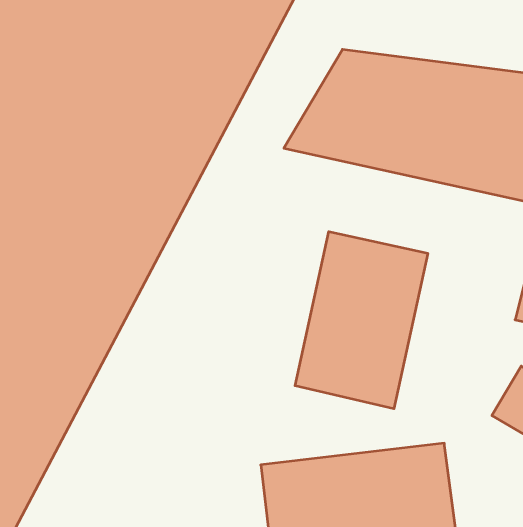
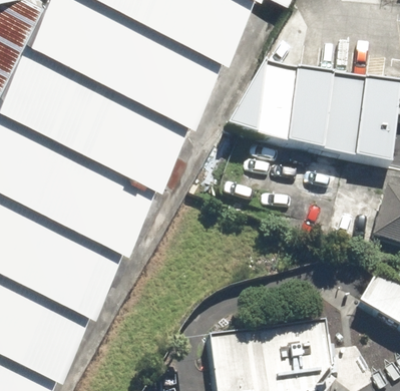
building: [295,232,428,409] -> none

